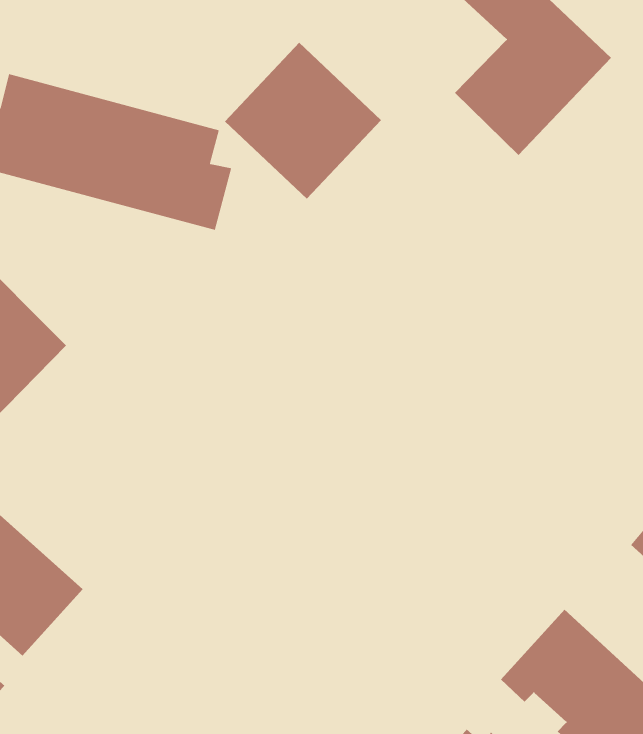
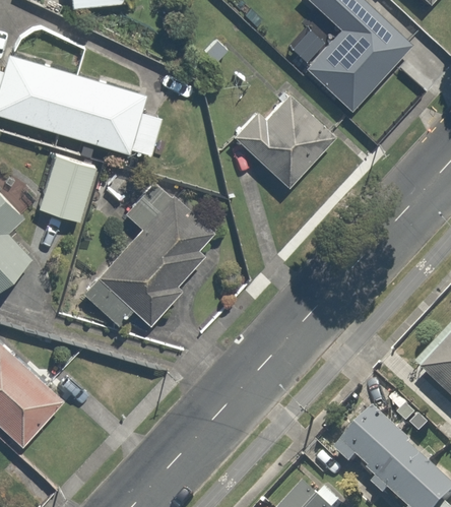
building: [224,42,382,200] -> [235,85,339,190]
building: none -> [40,155,96,223]
building: none -> [81,184,209,328]

